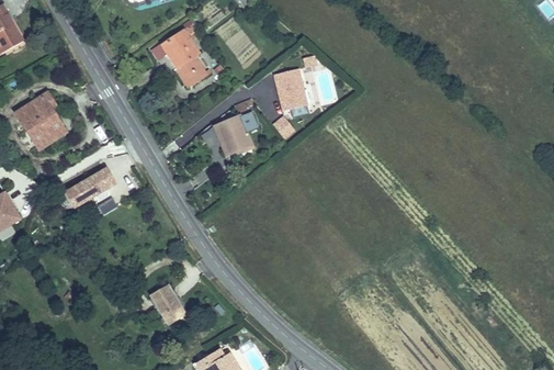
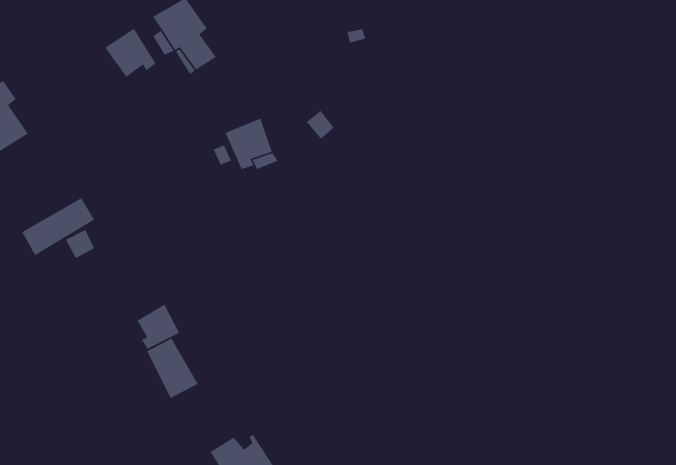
building: none -> [104,28,157,78]
building: [271,61,304,104] -> none
building: none -> [136,304,180,350]

